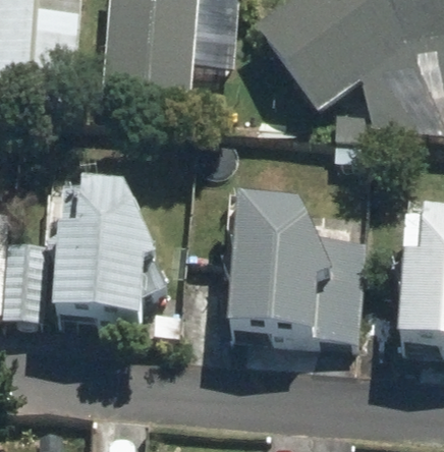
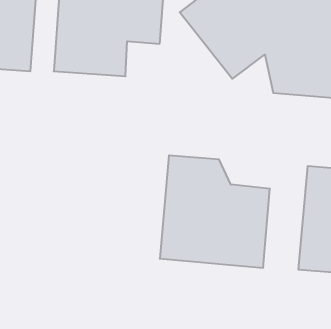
building: [44,186,164,324] -> none

